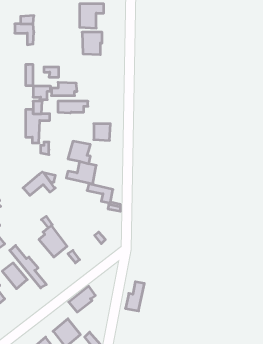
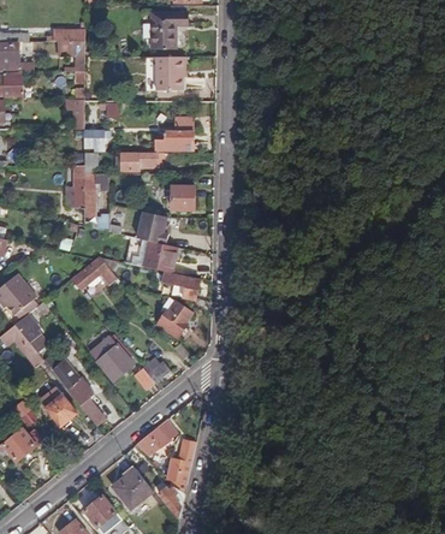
building: [51,82,77,96] -> [156,130,194,149]
building: none -> [159,301,192,338]
building: [125,282,144,311] -> [168,439,196,481]

